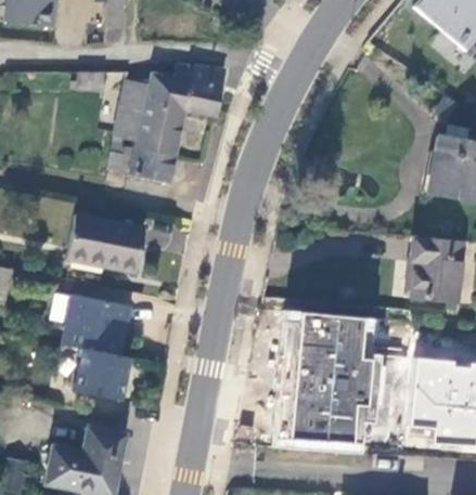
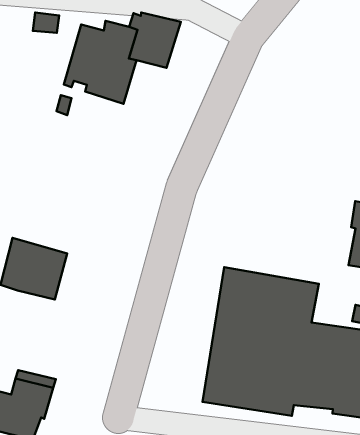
building: [128,145,173,182] -> none
building: [66,212,144,272] -> none
building: [74,348,119,396] -> none

